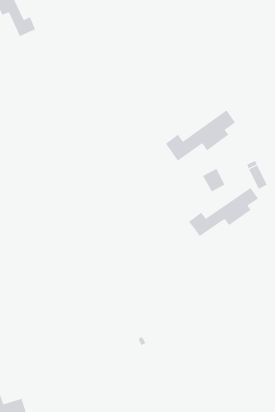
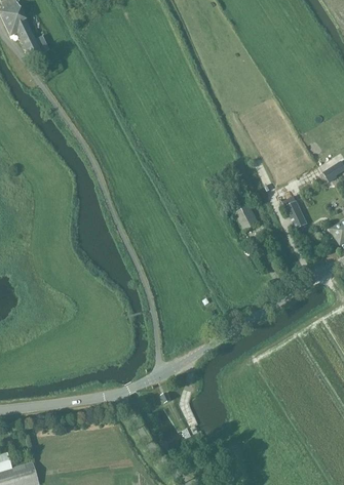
building: [165,109,236,162] -> none
building: [188,187,259,237] -> none

